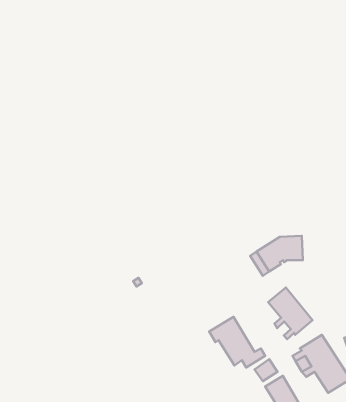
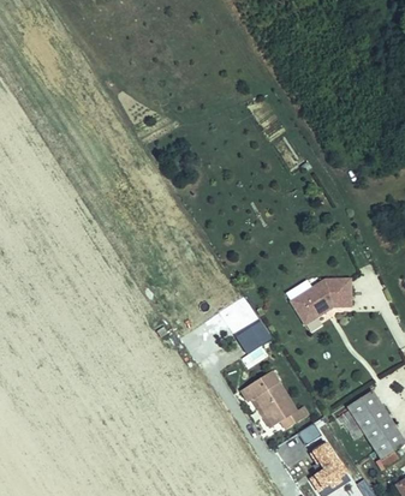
building: none -> [234,318,272,353]
building: [268,287,313,339] -> none

